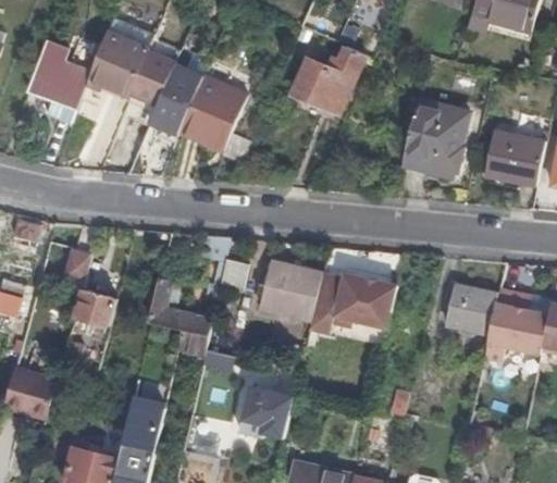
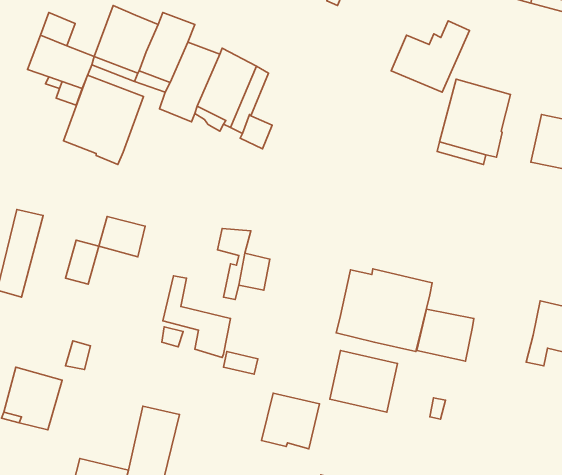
building: [293,46,364,111] -> [391,21,469,92]
building: none -> [64,75,143,165]
building: [260,261,322,318] -> [330,350,397,412]
building: [445,285,497,333] -> [417,309,474,361]
building: [74,288,116,325] -> [99,217,145,257]

